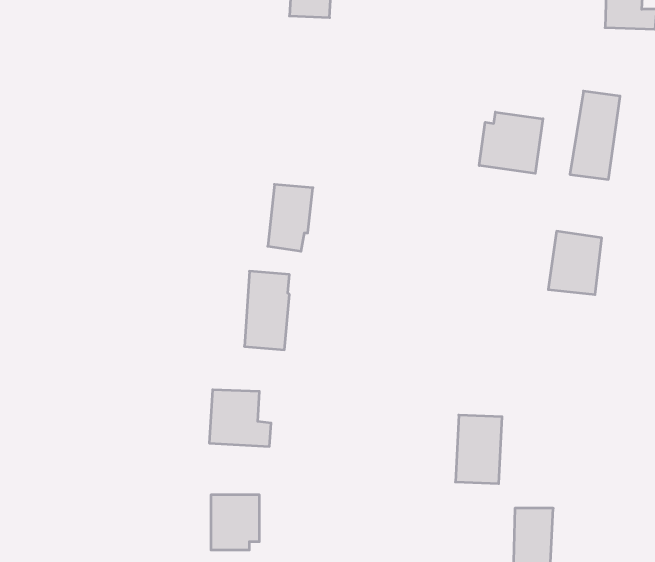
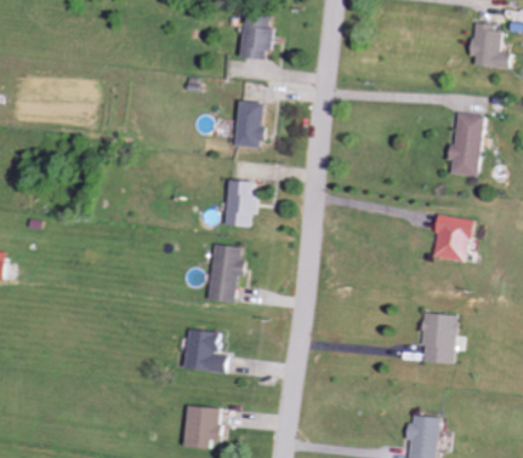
building: none -> [238,103,267,149]
building: [479,112,543,173] -> none
building: [455,415,502,484] -> [419,313,453,362]

